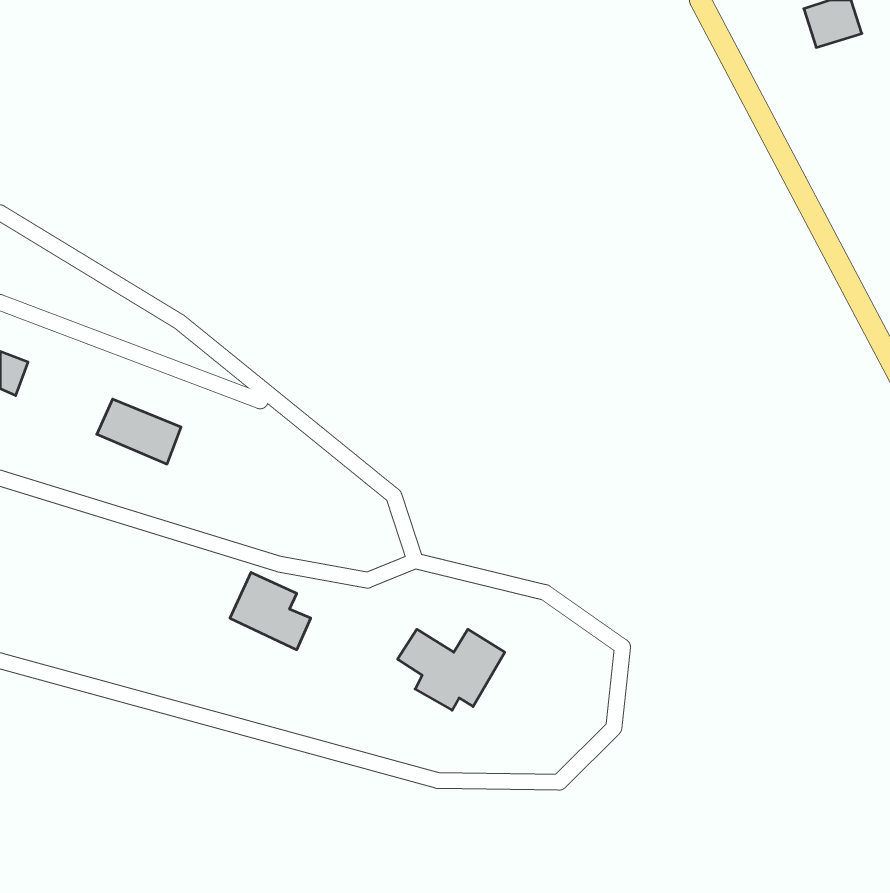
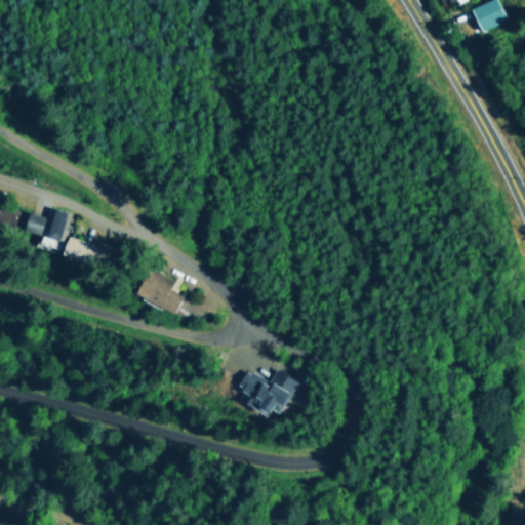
building: none -> [26,211,73,252]
building: [230,572,311,650] -> [137,270,185,315]

